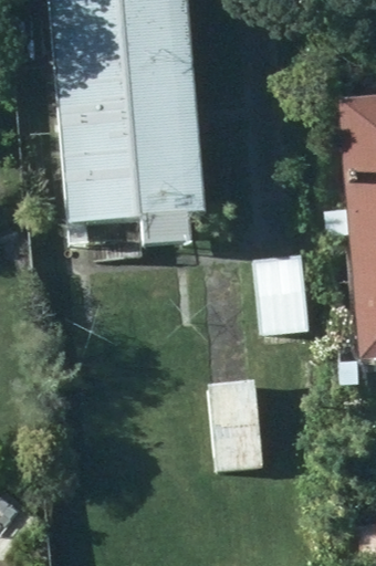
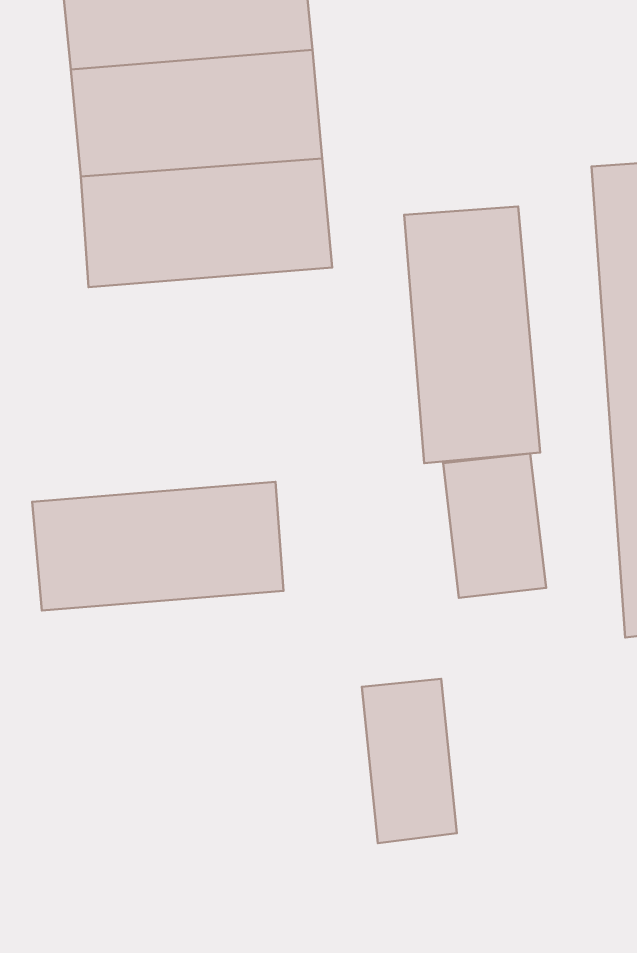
building: none -> [404,207,540,463]
building: [60,153,200,224] -> [32,482,284,611]

